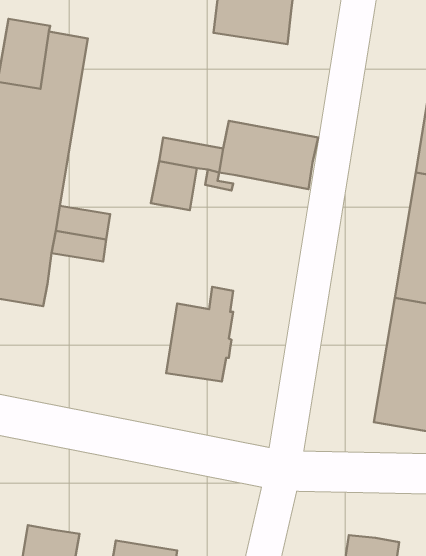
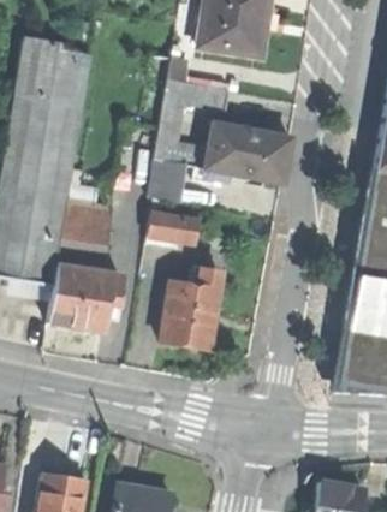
building: none -> [159,77,231,142]
building: none -> [148,212,201,244]
building: none -> [49,264,124,329]

